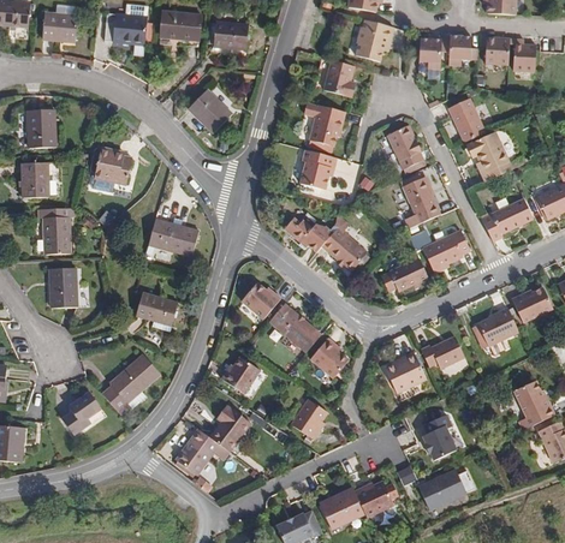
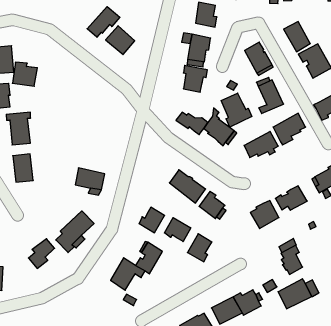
building: none -> [87,7,120,37]
building: [94,145,131,181] -> [12,62,37,86]
building: none -> [221,93,252,127]
building: [149,217,200,255] -> none
building: [243,281,281,317] -> none
building: none -> [164,218,191,242]

